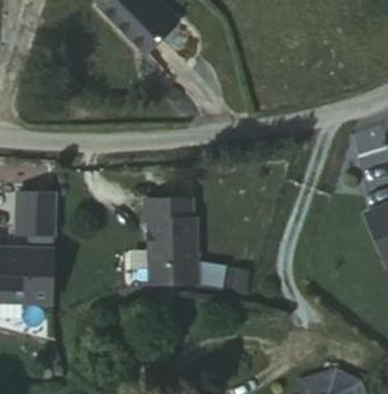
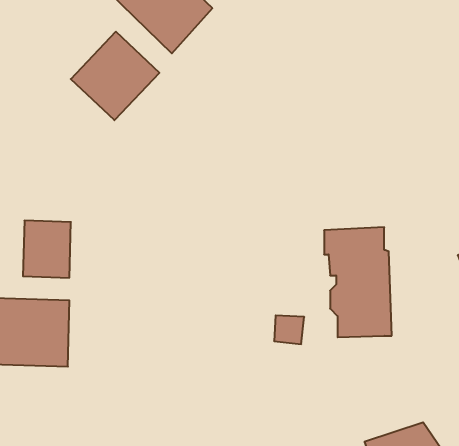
building: none -> [71,32,159,120]
building: [140,204,195,292] -> [324,227,392,337]

